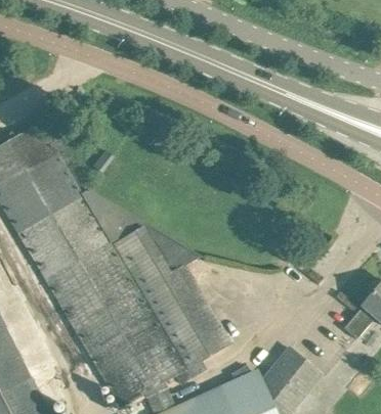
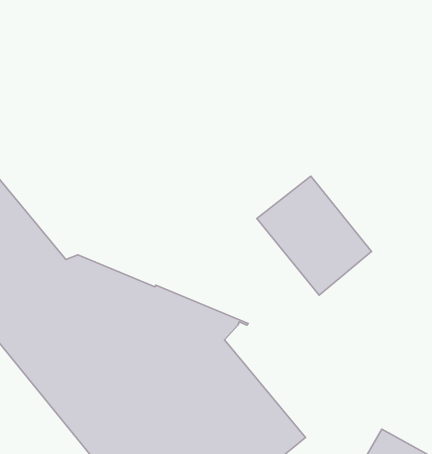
building: none -> [257,176,372,295]

